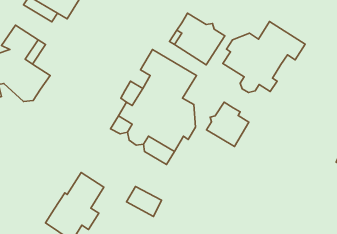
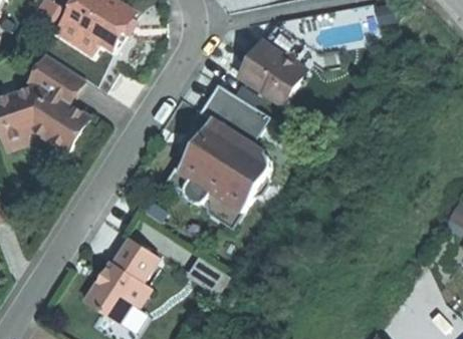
building: [223,21,305,92] -> none
building: [207,102,249,146] -> none

